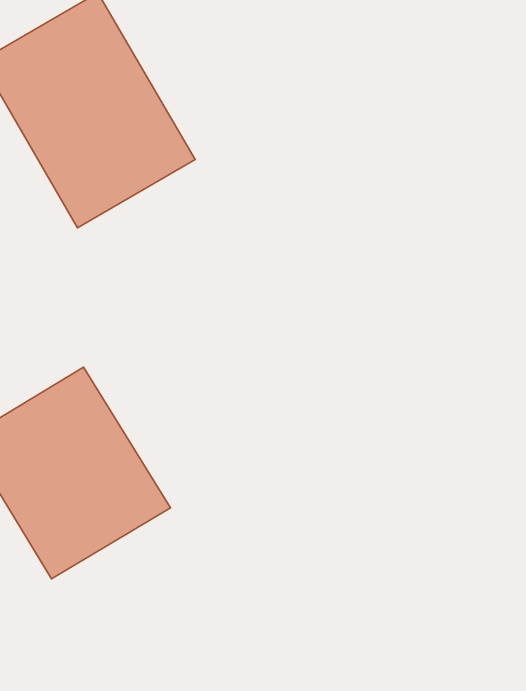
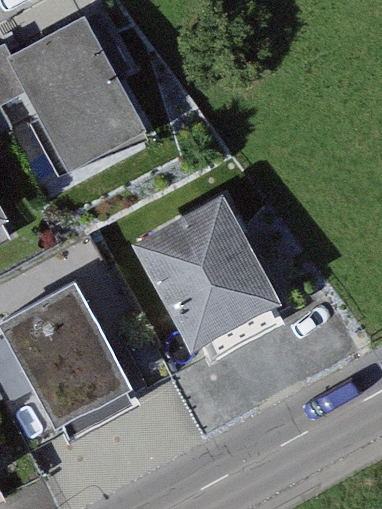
building: none -> [131,193,285,356]

